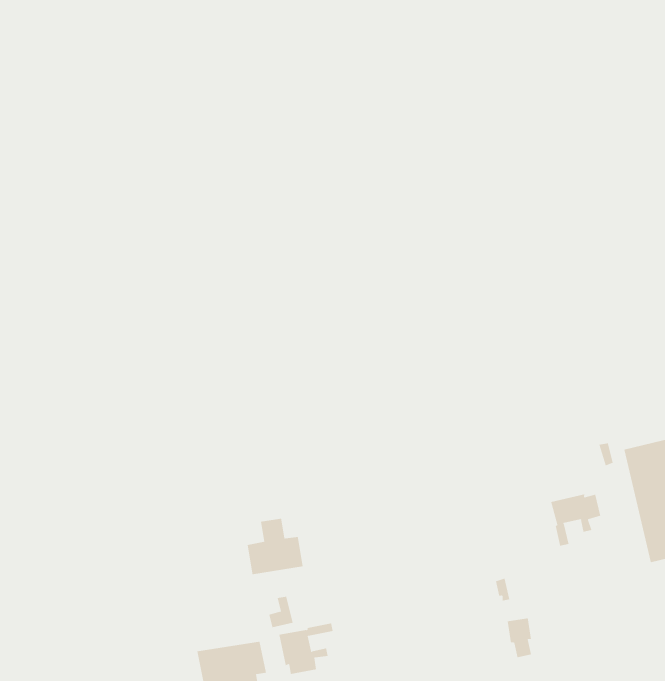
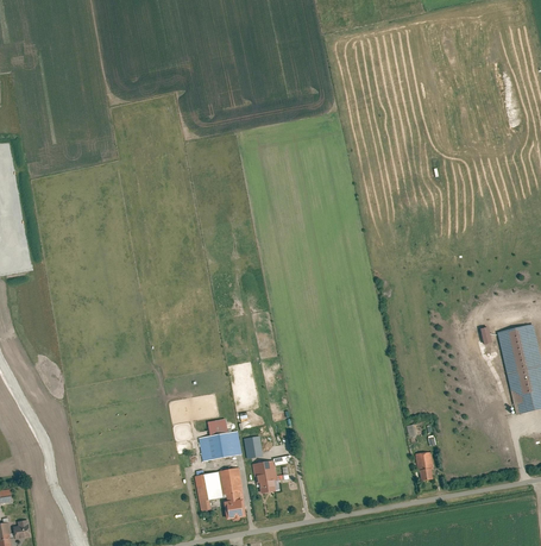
building: [550,494,601,547] -> none
building: [247,518,303,575] -> [200,419,240,459]

